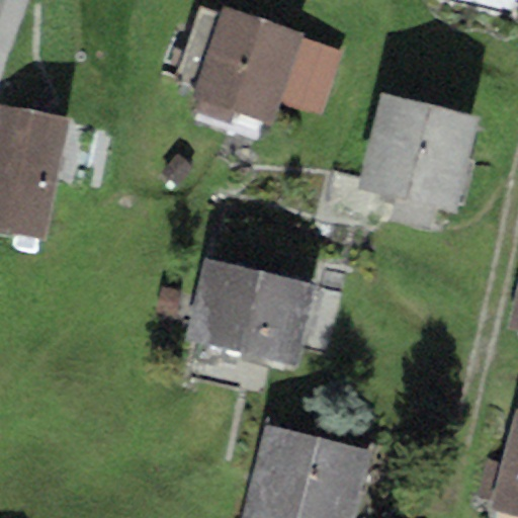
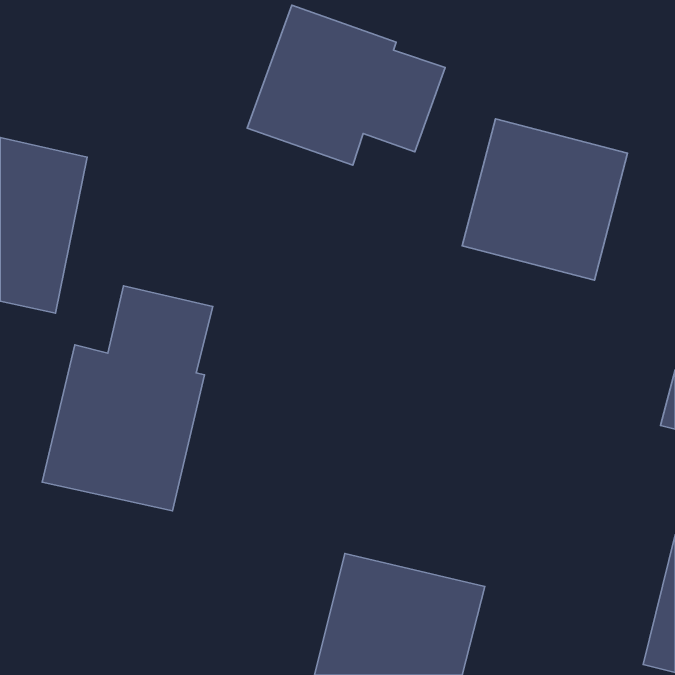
building: none -> [42,286,213,511]
building: [187,260,319,368] -> none

